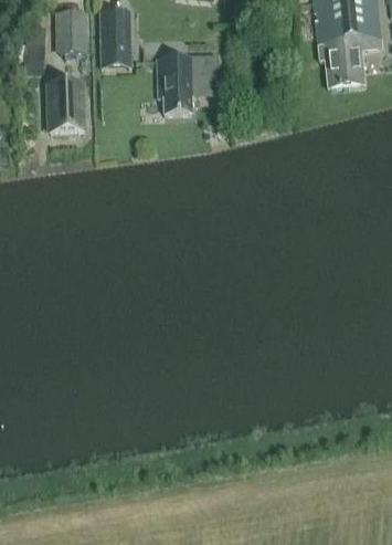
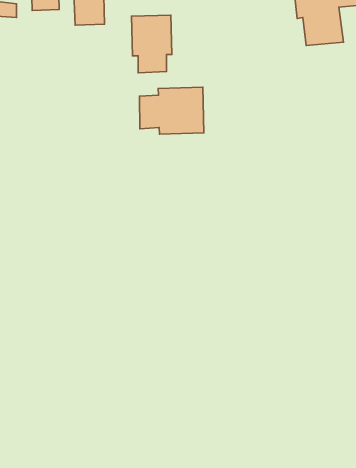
building: [47,81,82,128] -> none
building: none -> [139,87,204,134]

